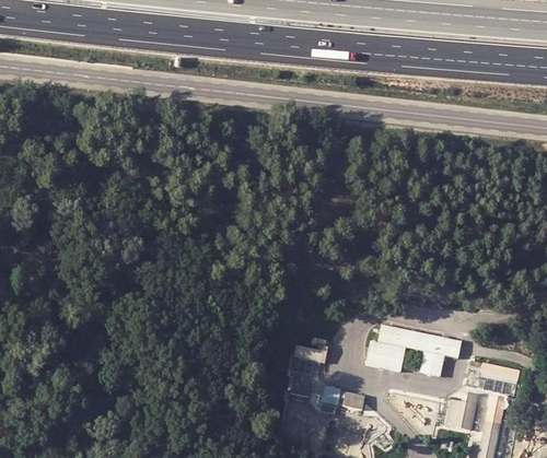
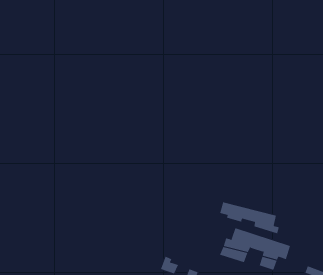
building: none -> [220,202,279,234]
building: [290,345,327,369] -> none

